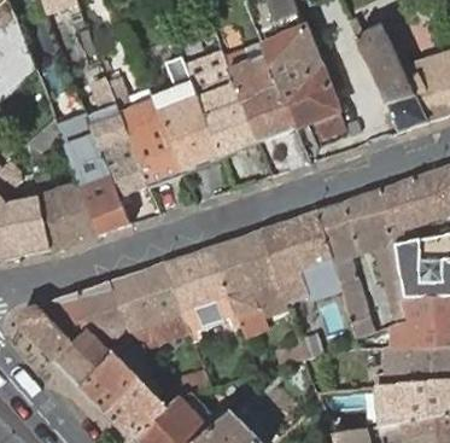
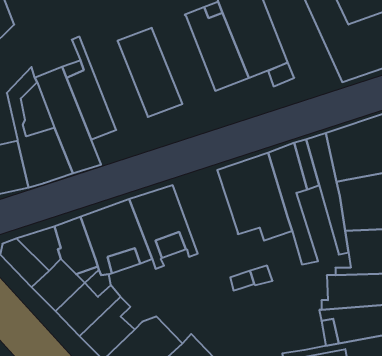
building: [186,52,258,156] -> none
building: [107,76,183,185] -> none
building: [211,229,284,330] -> none

